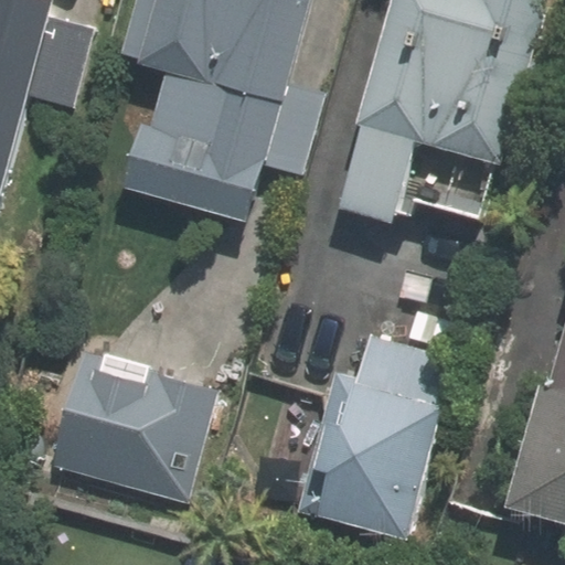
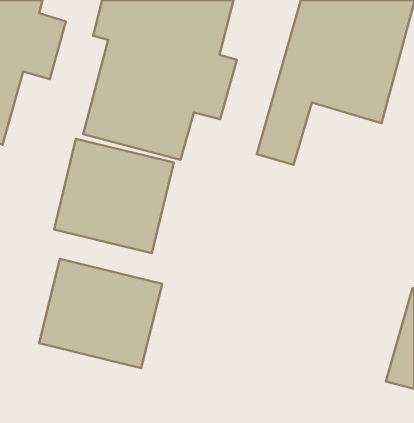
building: none -> [54,139,174,253]
building: [292,341,454,545] -> none

